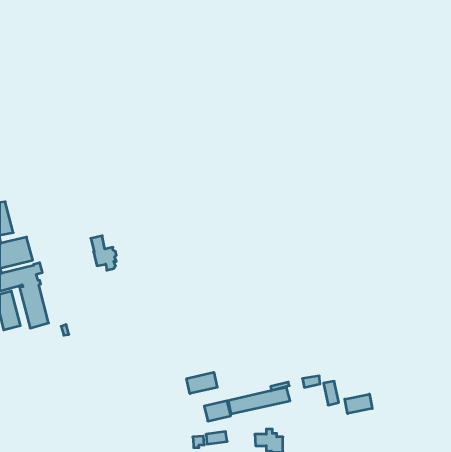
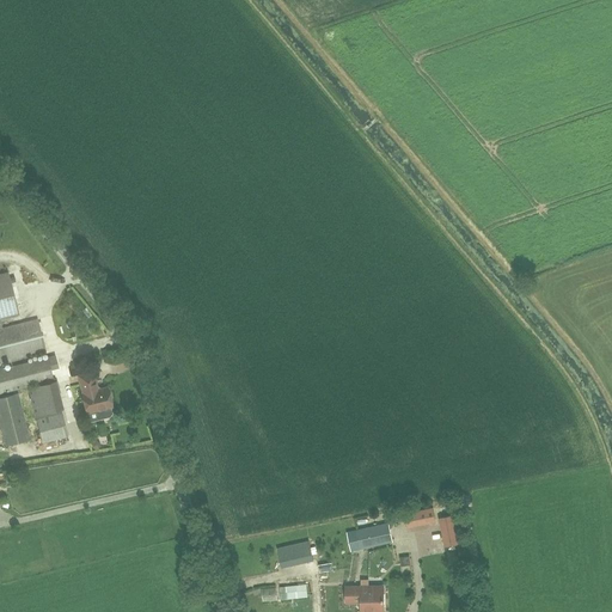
building: [91,236,116,270] -> [76,373,111,420]
building: [187,372,217,394] -> none
building: [345,394,372,414] -> none

